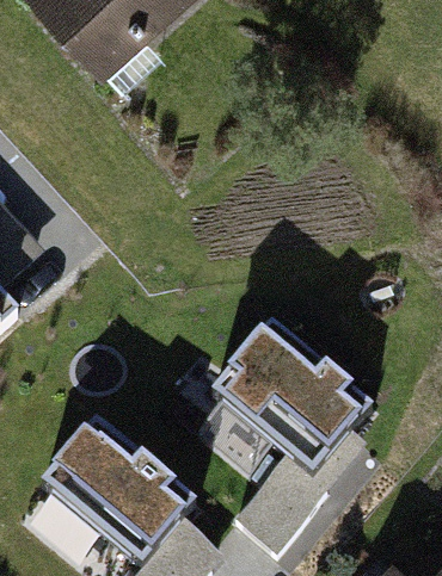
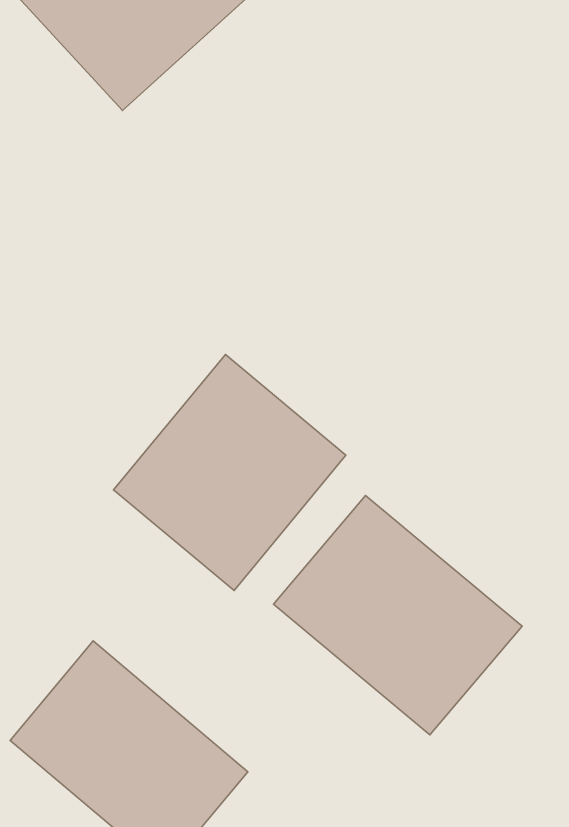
building: none -> [114,355,346,590]

